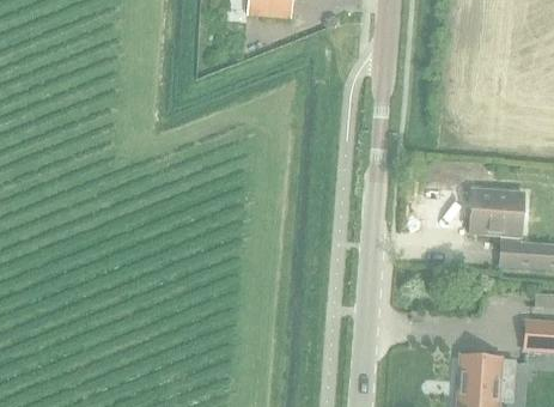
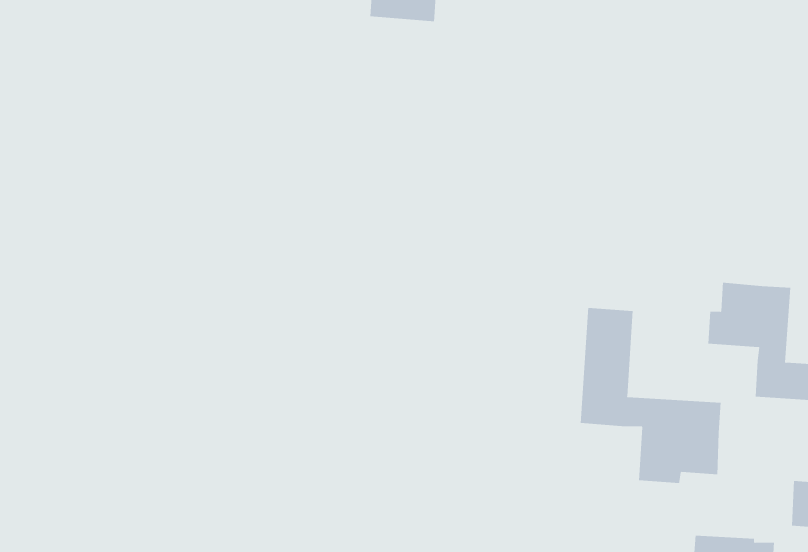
building: none -> [580,307,721,484]

